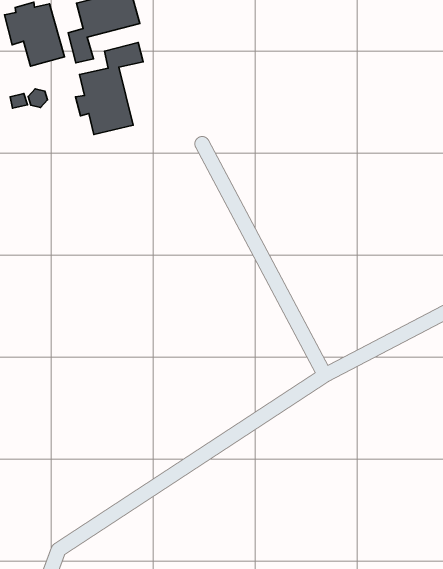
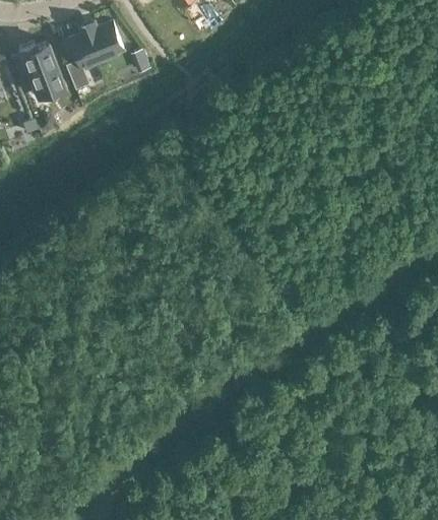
building: [75,43,143,134] -> none

